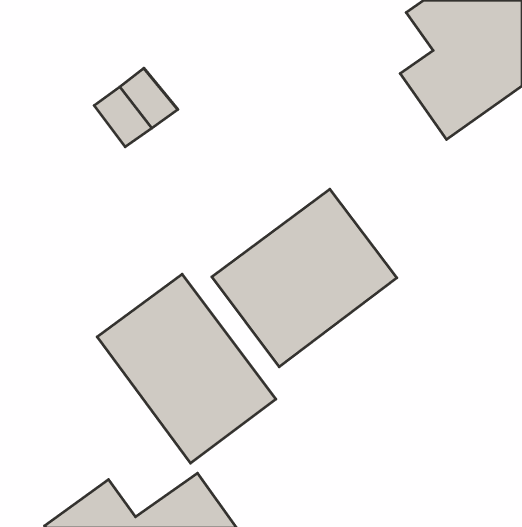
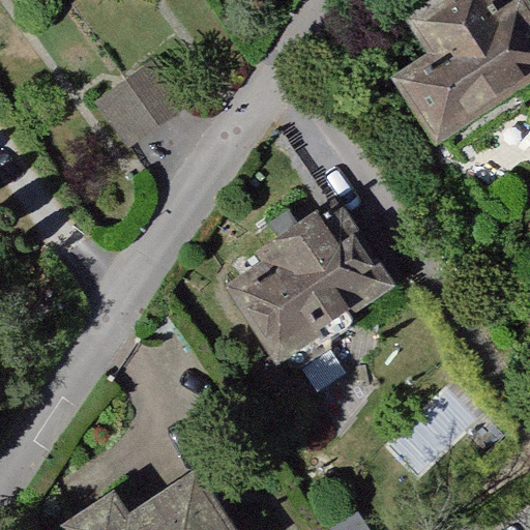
building: [97,274,276,463] -> none

